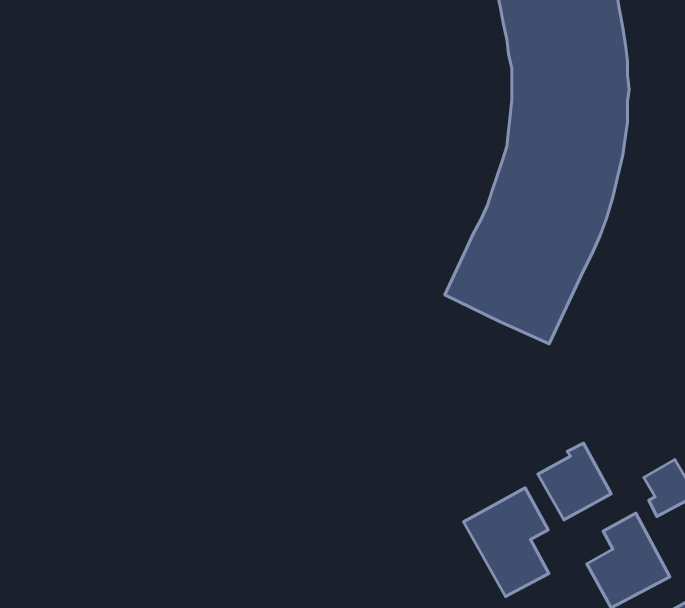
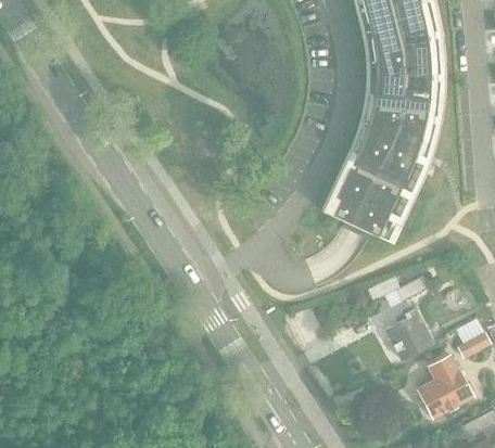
building: [463,488,549,597] -> none

